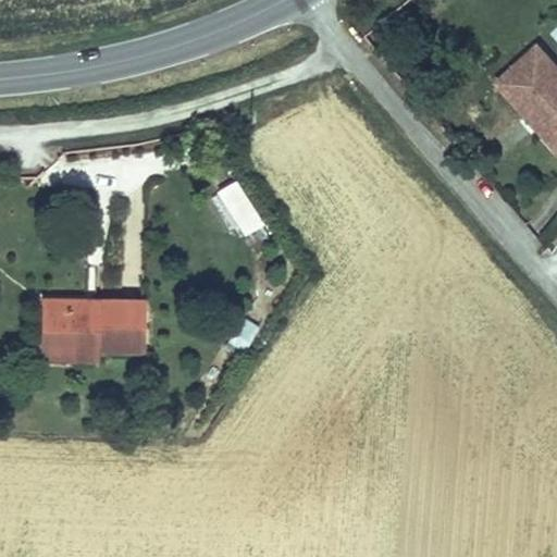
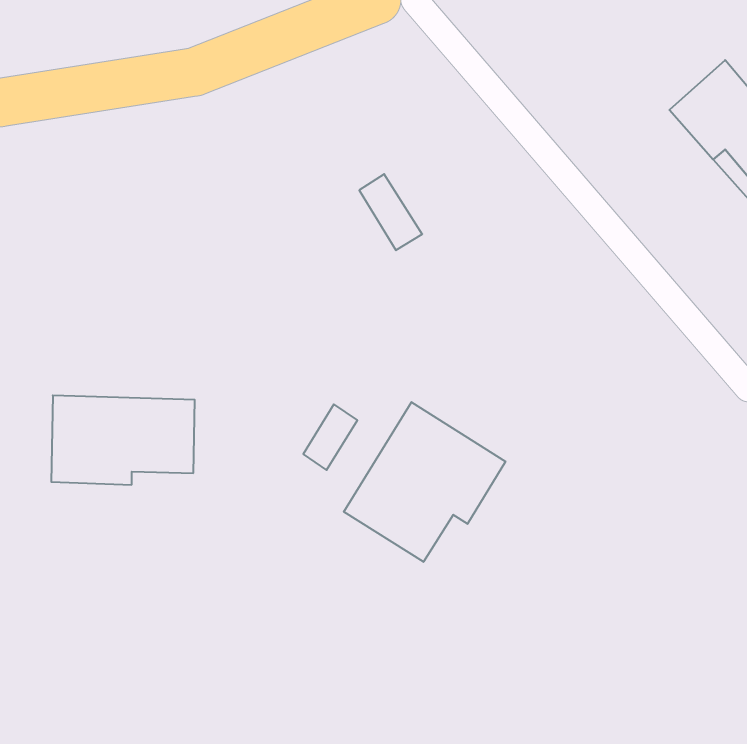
building: [218,181,264,237] -> [359,174,422,250]
building: none -> [344,402,505,562]

